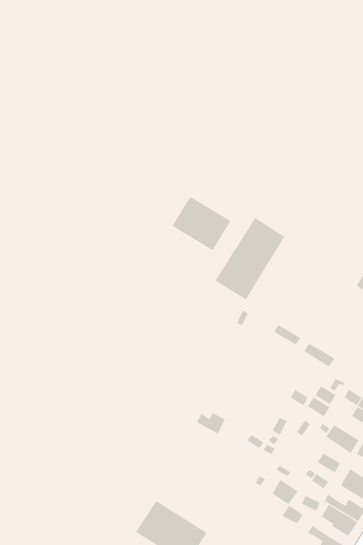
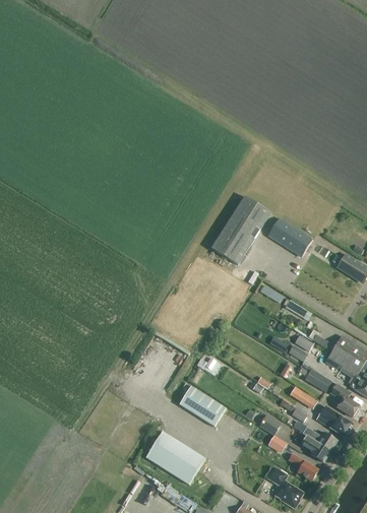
building: [172,196,231,251] -> none
building: none -> [267,216,312,255]
building: none -> [179,385,226,427]

